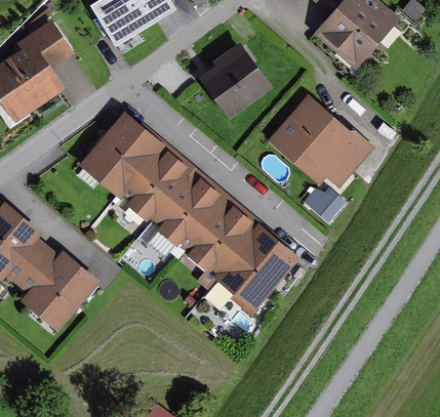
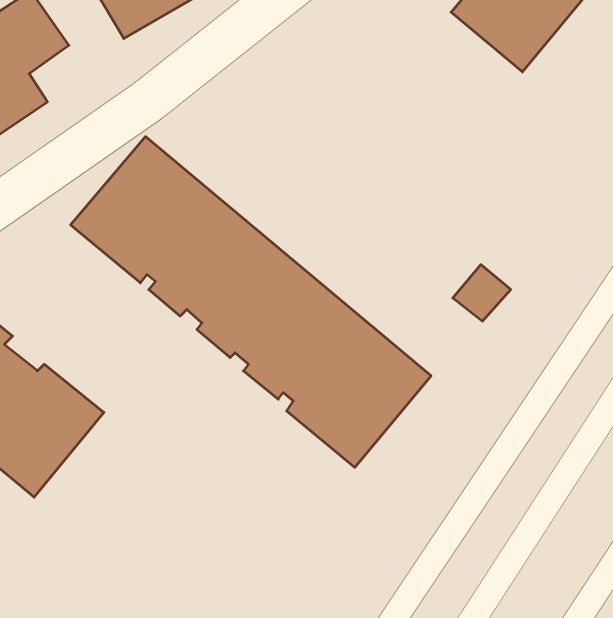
building: [199,41,273,119] -> none
building: [268,93,376,187] -> none

